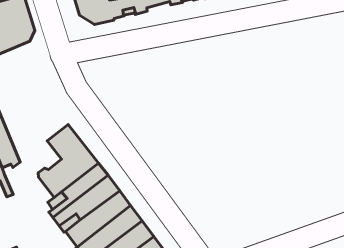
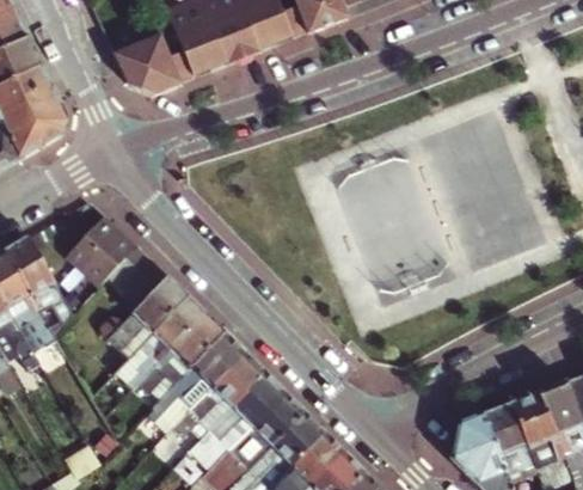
building: none -> [70,220,136,287]

